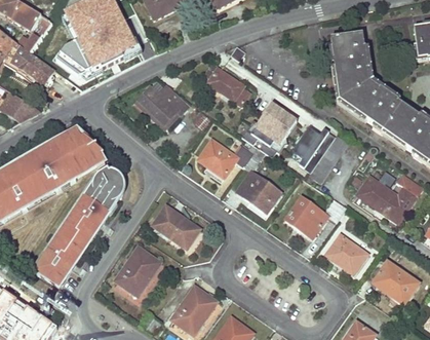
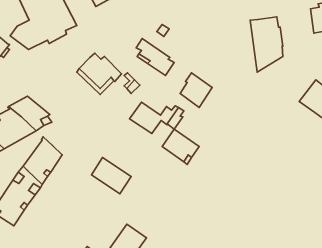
building: [349,84,419,138] -> none
building: [304,128,348,182] -> none
building: [94,166,127,201] -> none
building: [355,175,416,223] -> none
building: [284,195,346,234] -> none
building: [324,233,366,273] -> none
building: [114,244,161,295] -> none
building: [374,260,418,304] -> none

